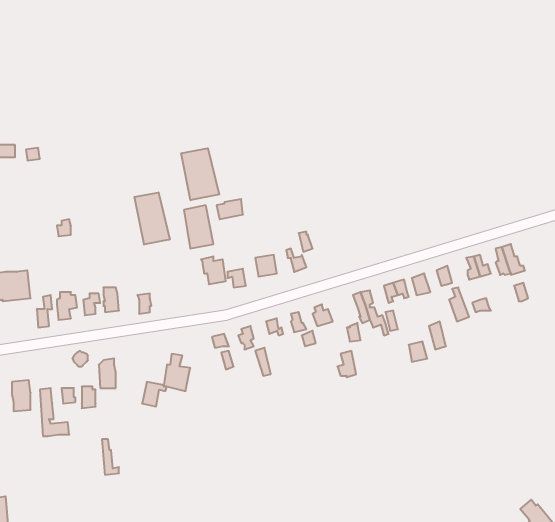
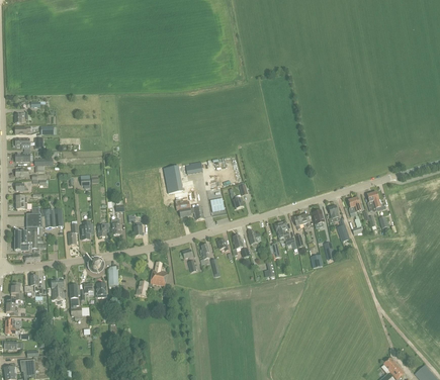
building: [181,148,219,200] -> none
building: [135,192,170,245] -> none

